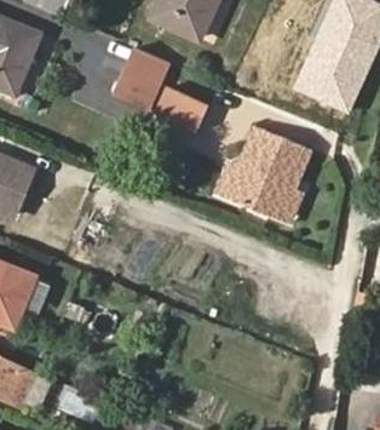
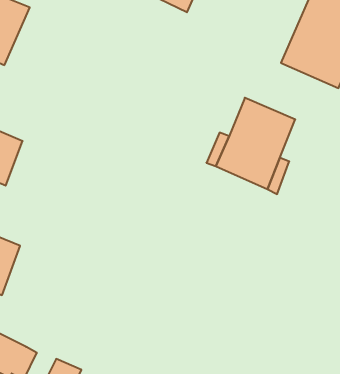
building: [114,50,169,110] -> none
building: [161,88,211,131] -> none

